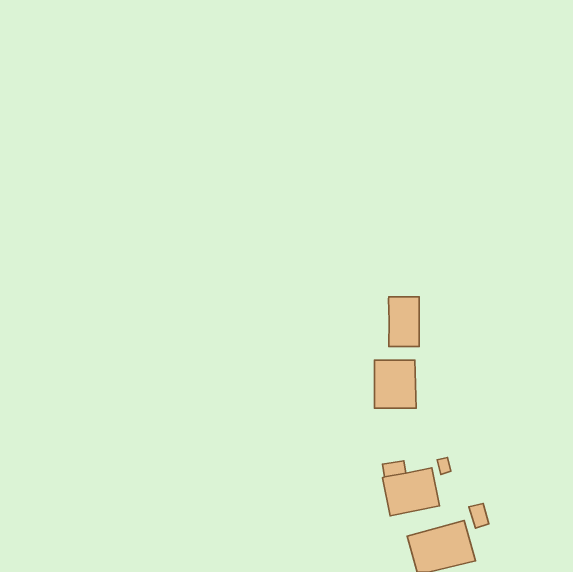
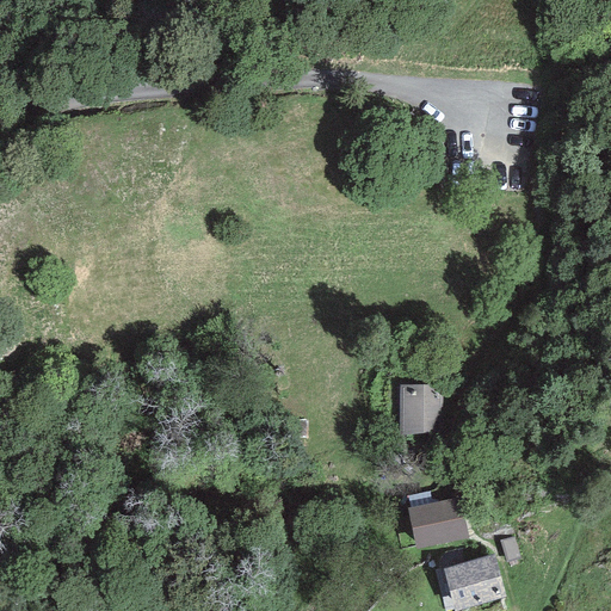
building: [388,297,419,347] -> none

